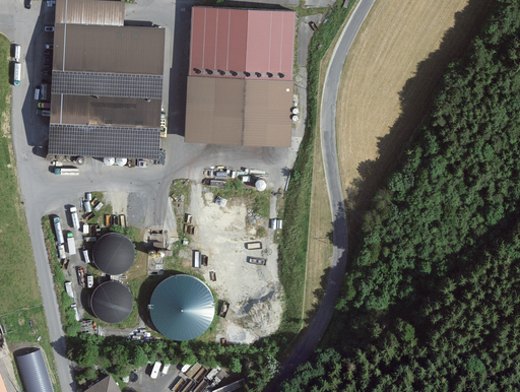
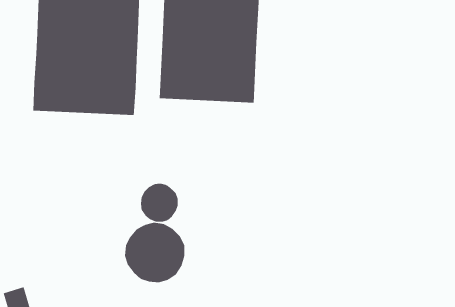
building: [92,232,134,274] -> [140,183,178,222]
building: [90,281,133,323] -> none

